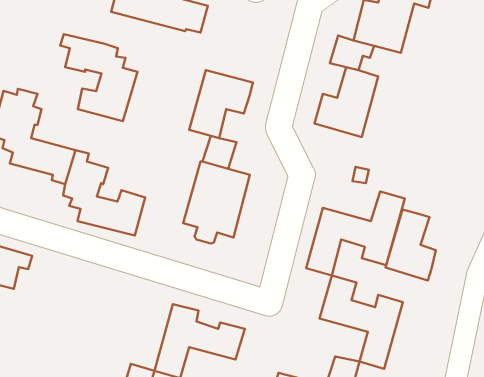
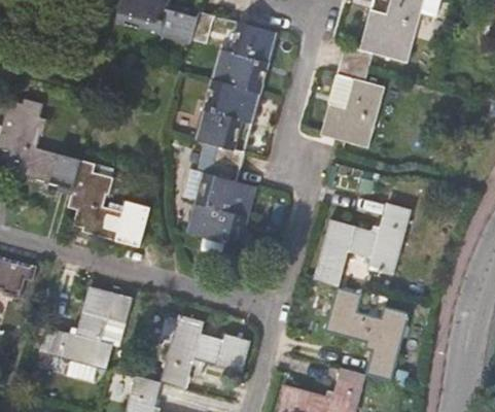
building: none -> [211,23,274,93]
building: [60,34,137,121] -> none
building: [386,209,436,281] -> none
building: none -> [37,285,132,382]

